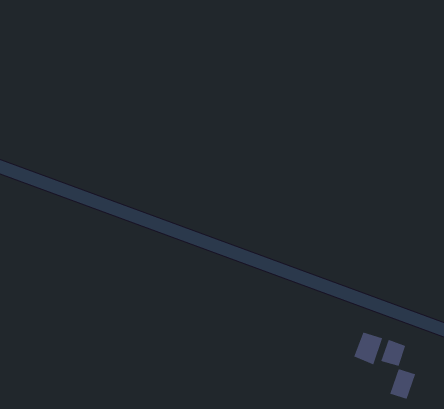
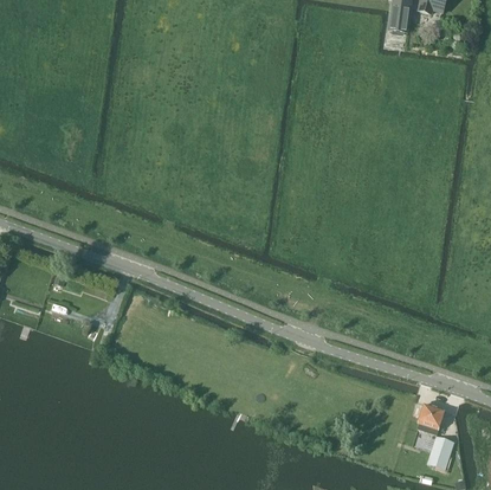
building: [353,331,383,365] -> none

